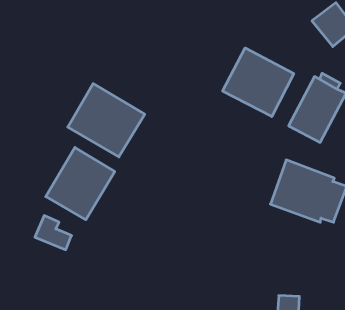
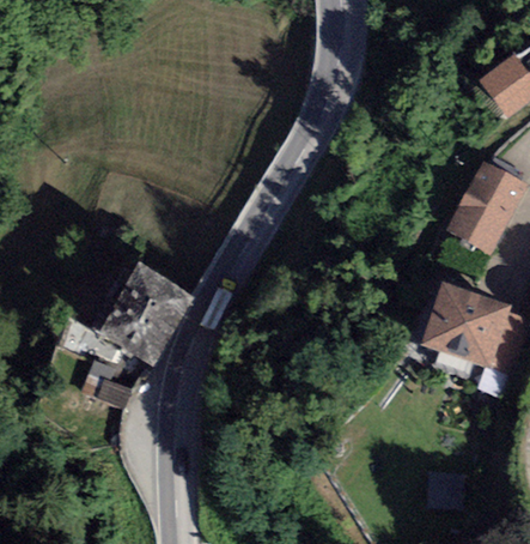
building: [223,48,294,117] -> none
building: [68,84,145,157] -> none

